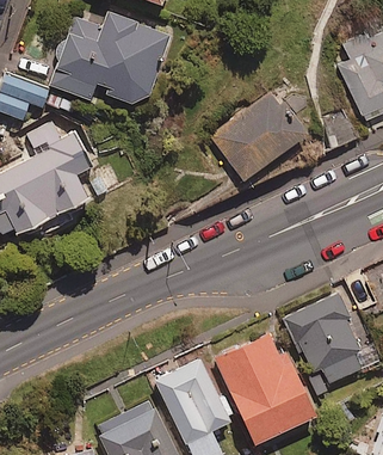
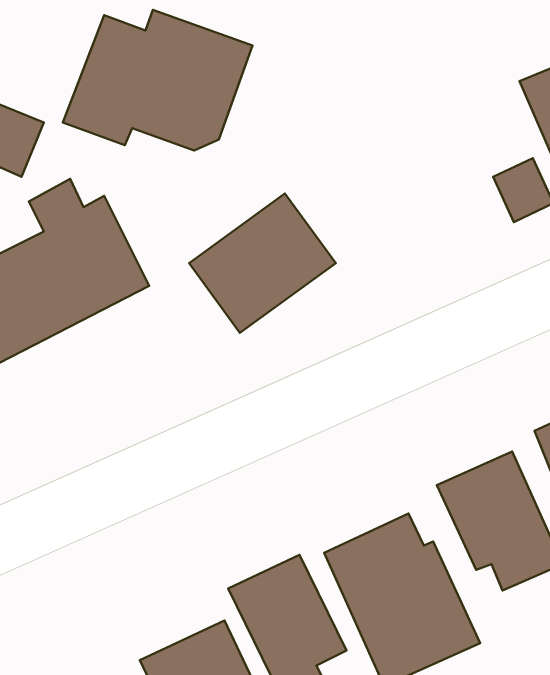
building: [210,92,303,180] -> [189,194,336,333]

